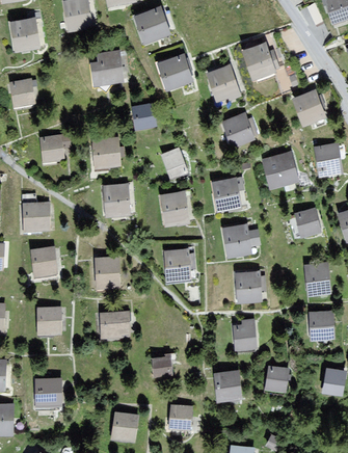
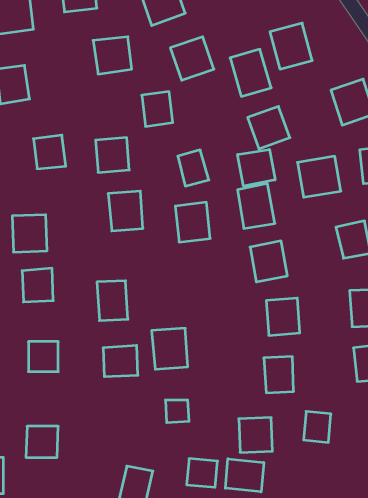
building: none -> [238,149,275,186]
building: [162,247,192,282] -> [152,328,188,369]
building: none -> [225,459,264,492]

